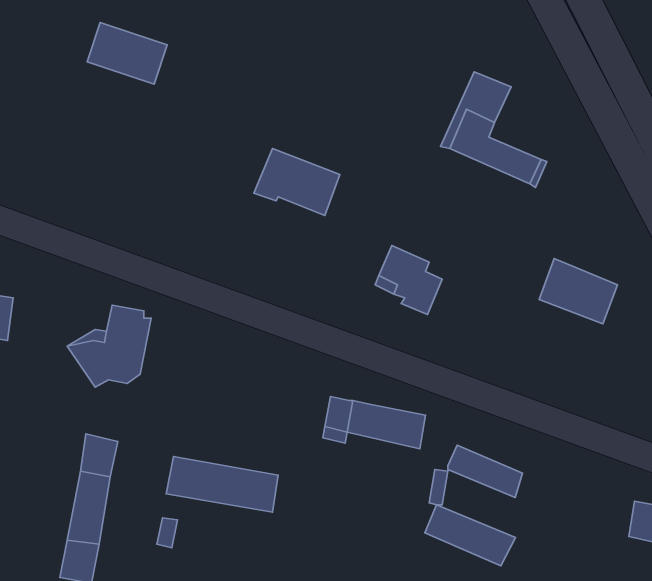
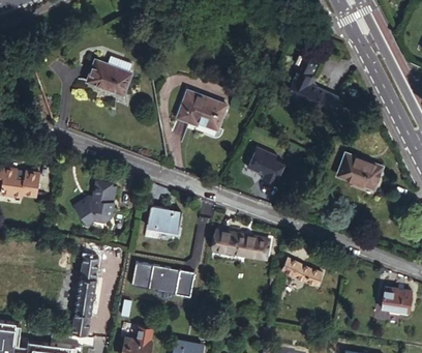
building: [87,23,167,84] -> [82,60,126,94]
building: none -> [151,204,186,233]
building: [425,505,515,566] -> none

